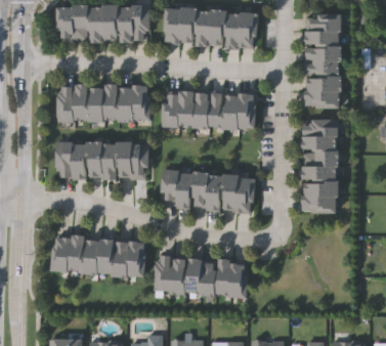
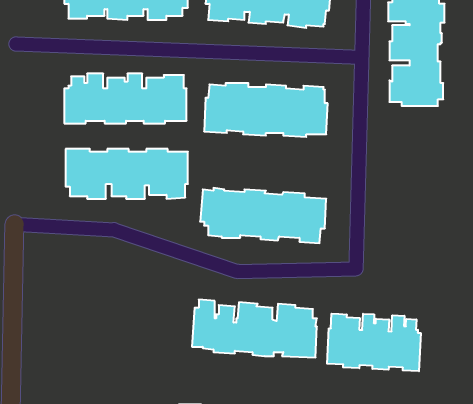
building: [303,119,341,214] -> none
building: [52,233,147,276] -> none
building: none -> [327,314,421,371]

